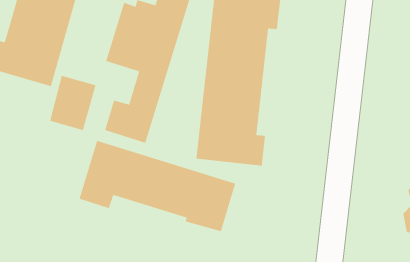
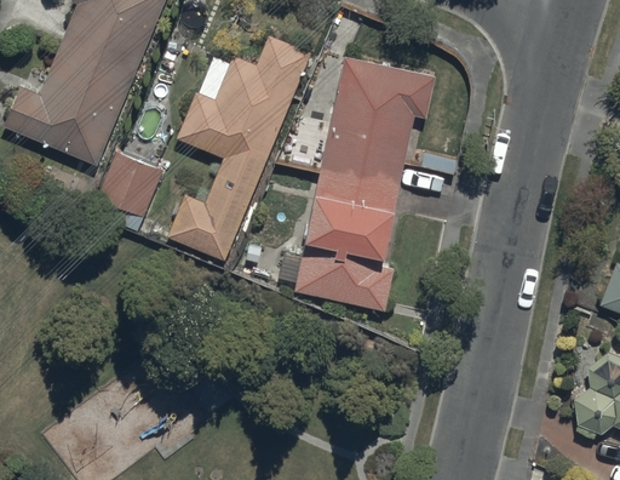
building: [79,140,236,232] -> none

